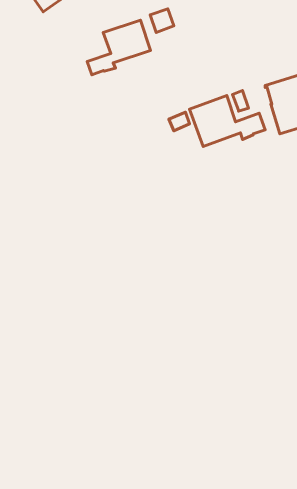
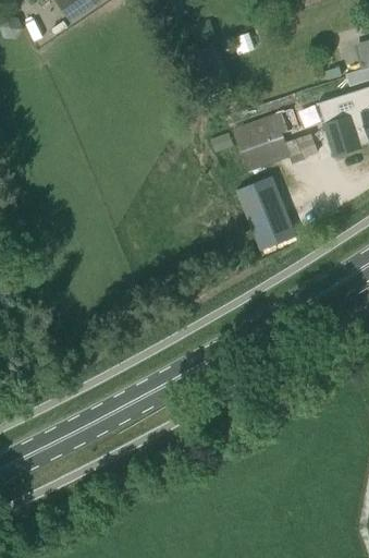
building: [87,20,151,75] -> none
building: none -> [235,174,294,247]

